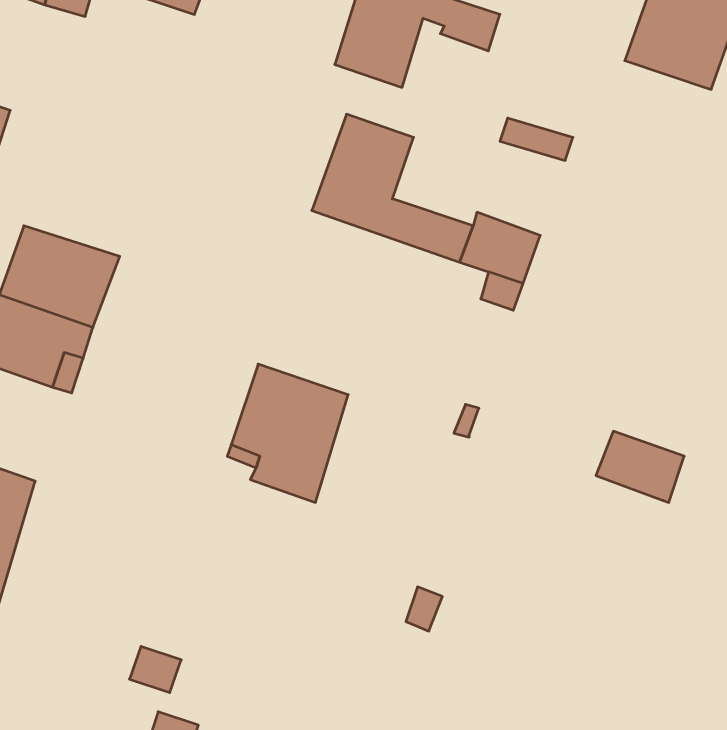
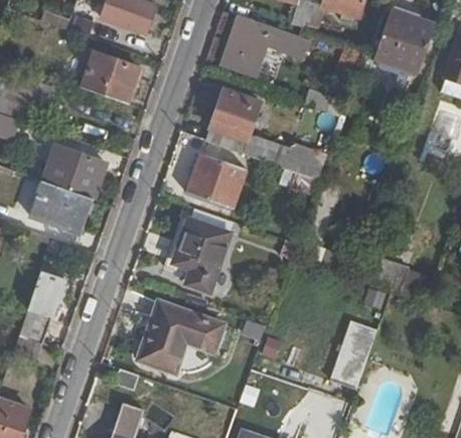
building: none -> [82,57,138,105]
building: none -> [189,153,246,205]
building: none -> [144,302,225,372]
building: none -> [333,320,376,388]

